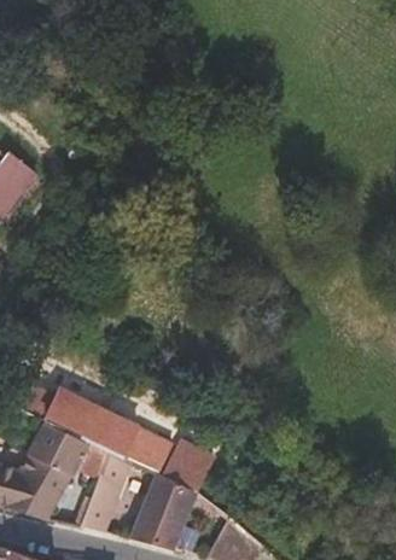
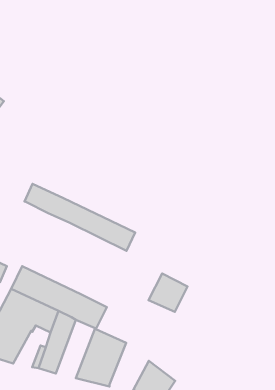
building: none -> [24,184,135,251]
building: [162,442,214,492] -> [148,274,188,312]

